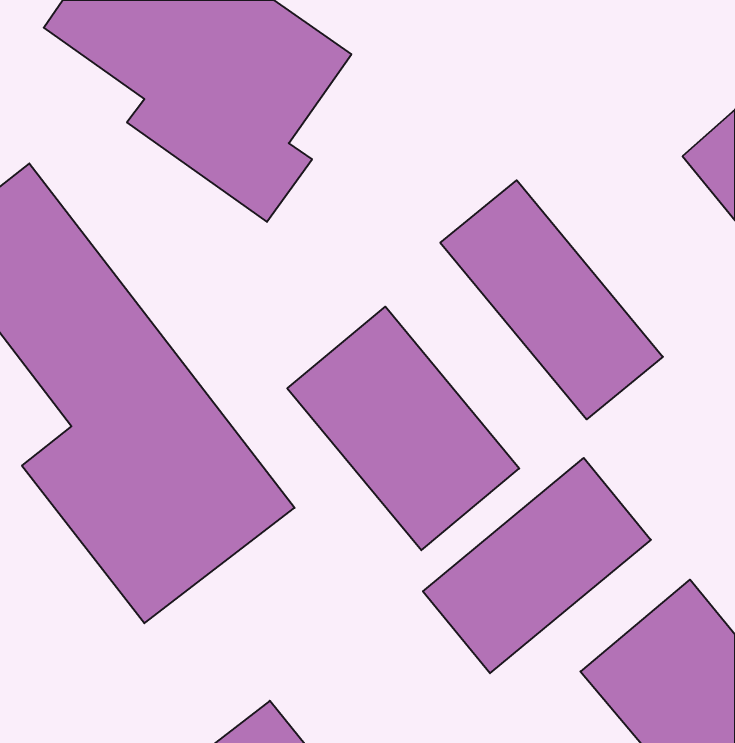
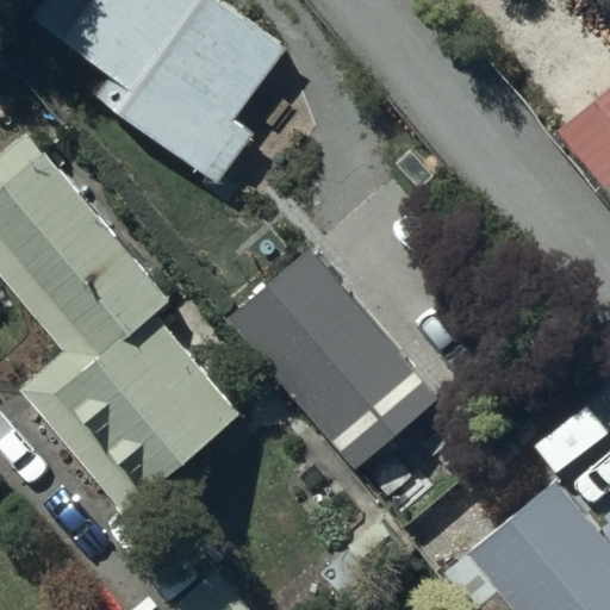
building: [440,180,663,419] -> none
building: [423,458,651,673] -> none

